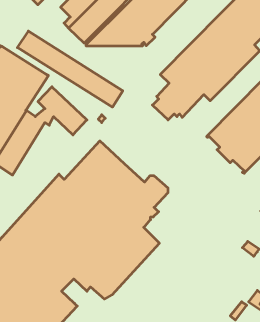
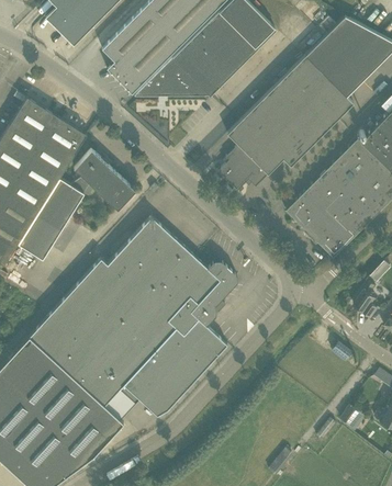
building: [17,31,123,107] -> none

